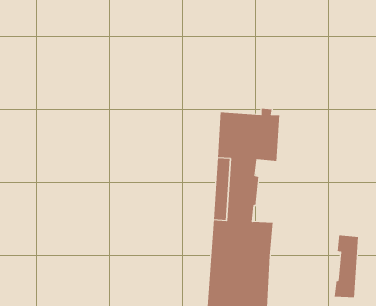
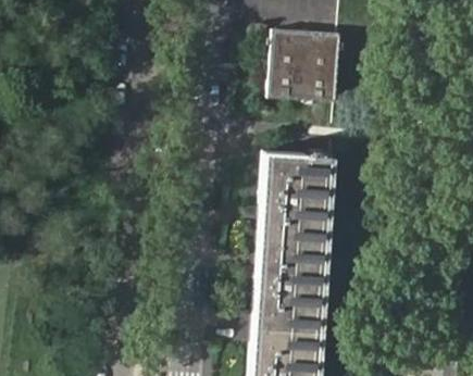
building: none -> [269,29,341,100]
building: [334,235,359,298] -> [302,205,331,277]

